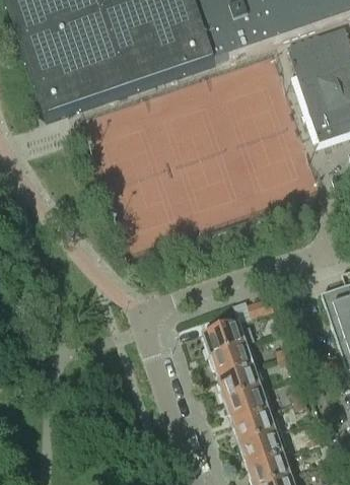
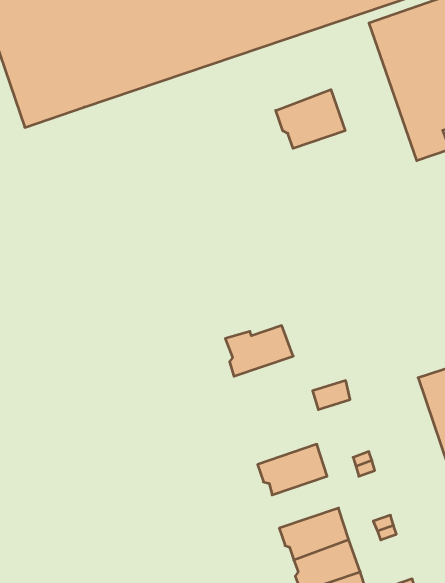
building: none -> [276,90,345,148]
building: [201,317,249,352] -> [225,326,293,376]
building: [217,360,264,397] -> none

